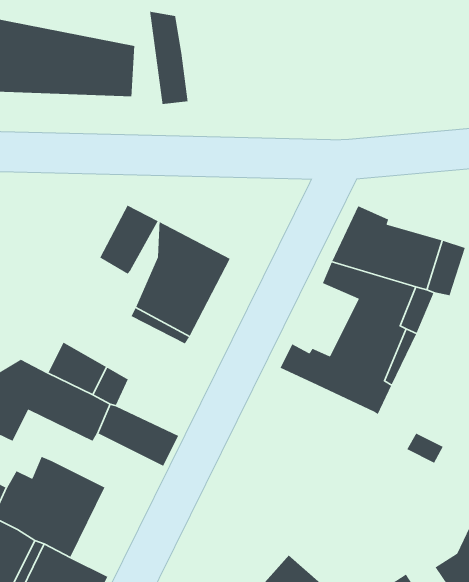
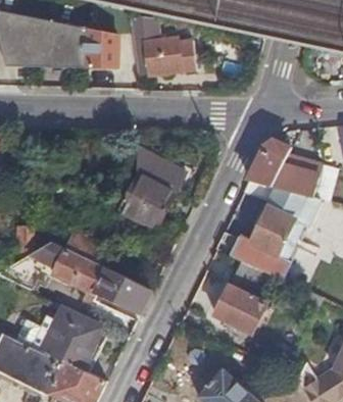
building: none -> [153,36,204,76]
building: [99,204,159,275] -> none
building: none -> [215,258,278,332]

